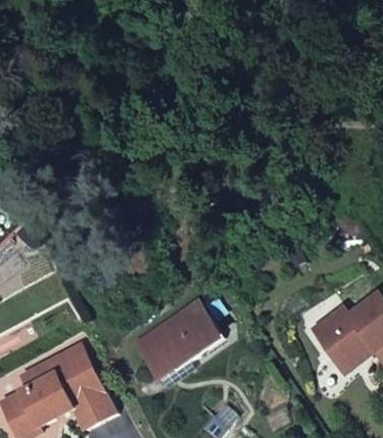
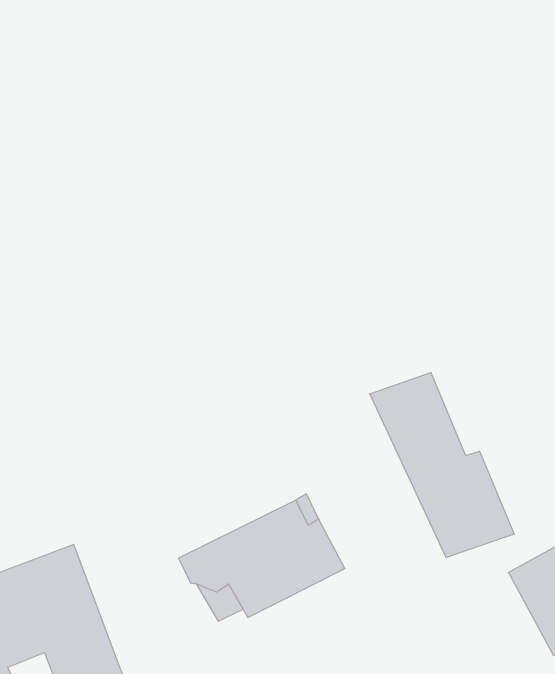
building: none -> [370,372,514,558]

